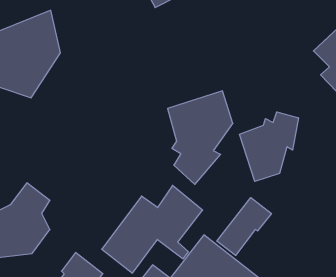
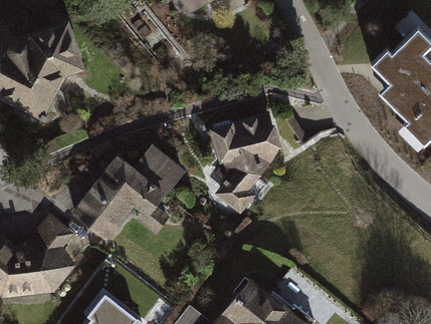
building: [239,112,298,181] -> none
building: [102,185,203,273] -> [70,142,185,242]
building: [217,198,271,255] -> none

